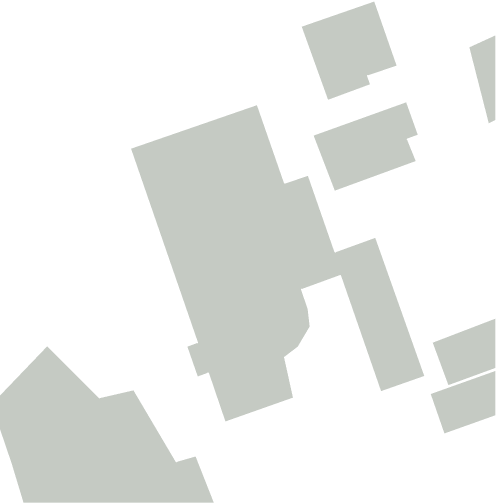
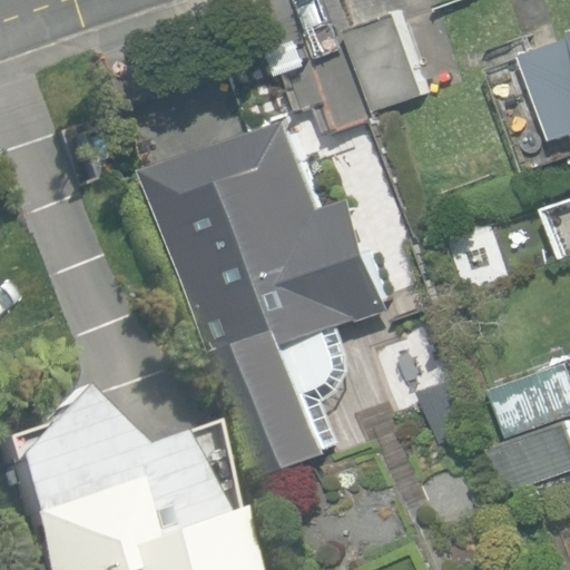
building: [313,102,418,192] -> none

